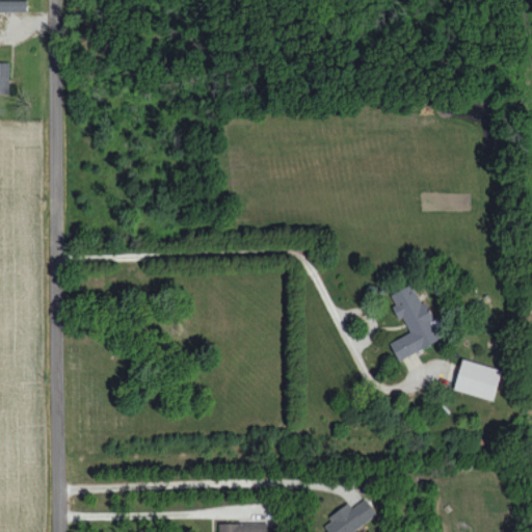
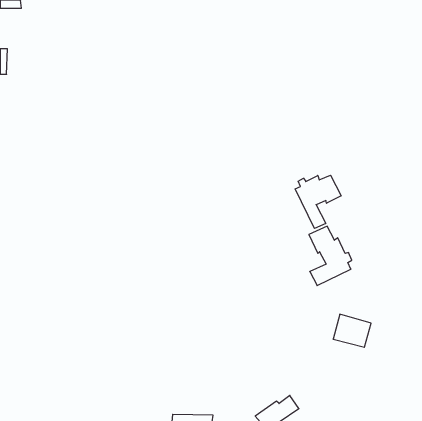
building: none -> [295,175,341,228]
building: [454,360,502,401] -> [333,314,371,347]

